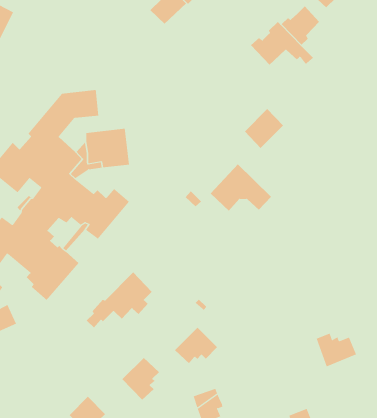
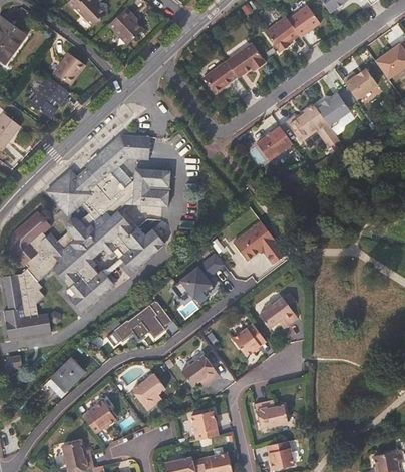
building: [244,108,284,149] -> [257,126,292,160]
building: none -> [167,252,224,299]
building: none -> [258,298,297,330]
building: none -> [232,325,263,358]
building: [316,333,357,367] -> [255,401,288,430]
building: none -> [51,359,83,391]

